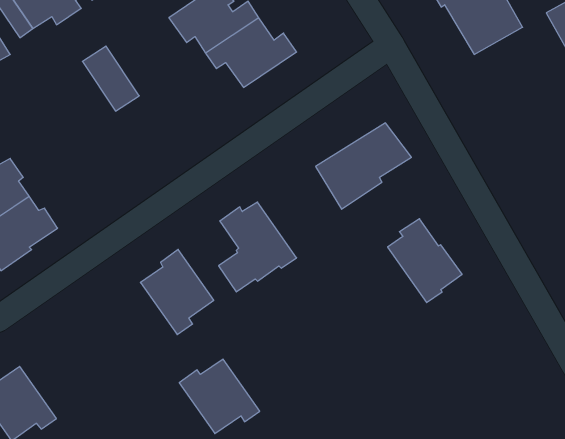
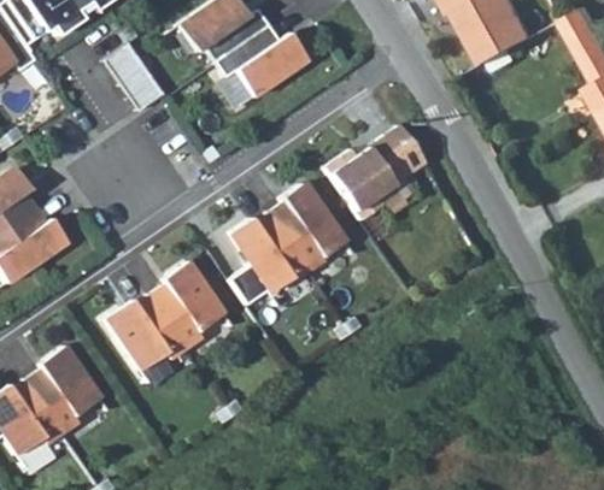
building: [388,219,462,303] -> [269,183,345,268]
building: none -> [27,344,101,432]
building: [179,359,260,434] -> [105,294,187,370]

